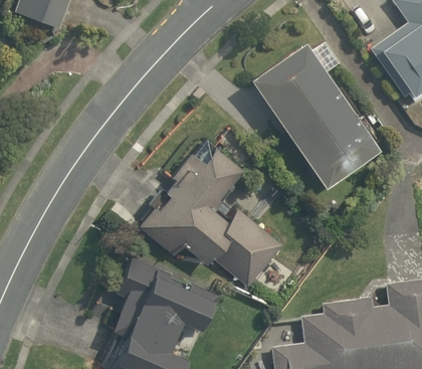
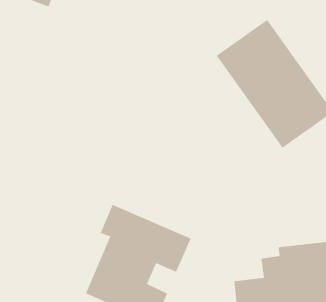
building: [137,148,281,283] -> none

